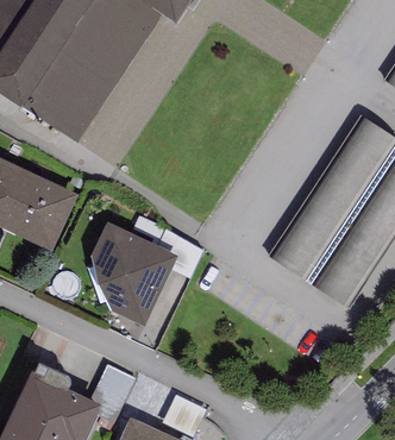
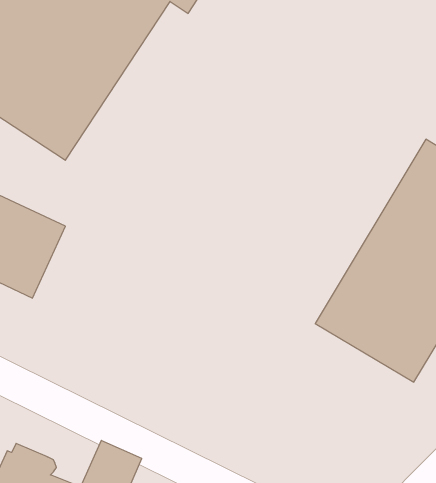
building: [89,222,176,323] -> none

